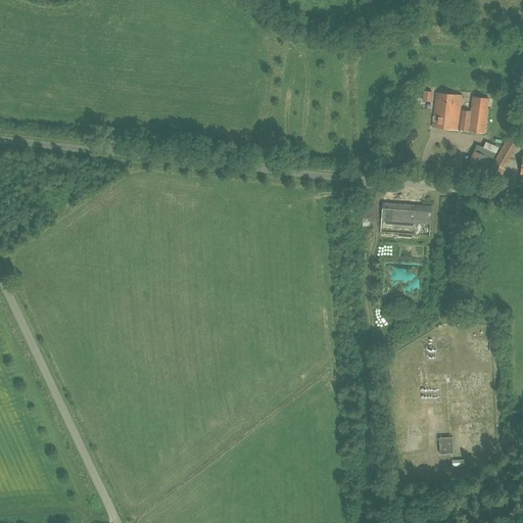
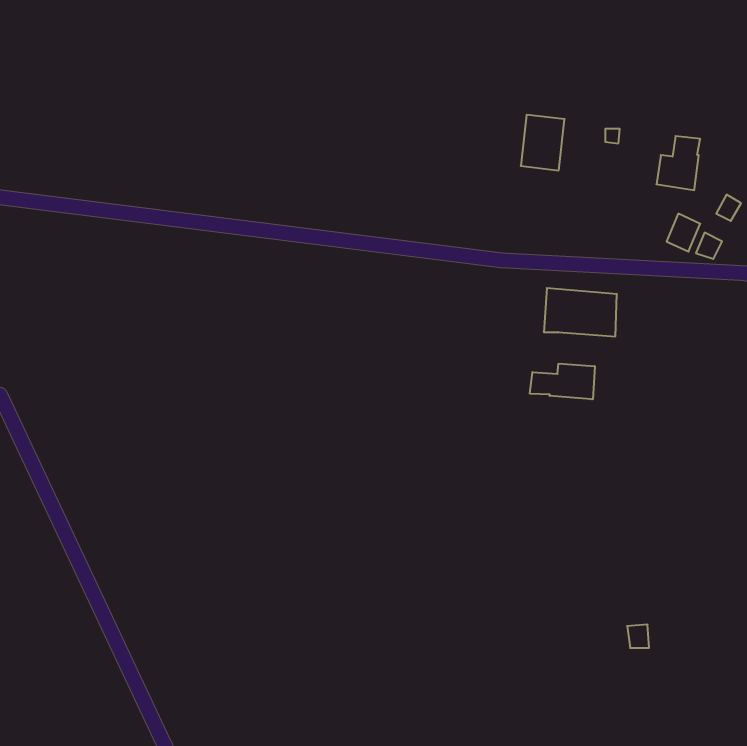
building: [431,91,462,130] -> [521,115,565,170]
building: none -> [530,364,595,399]

